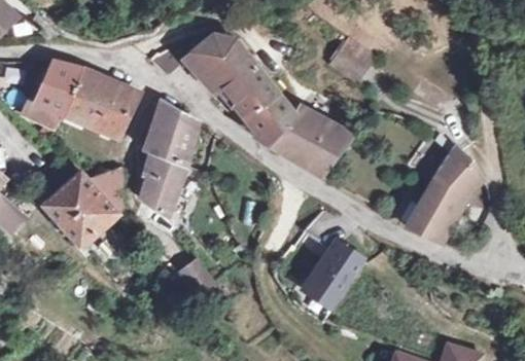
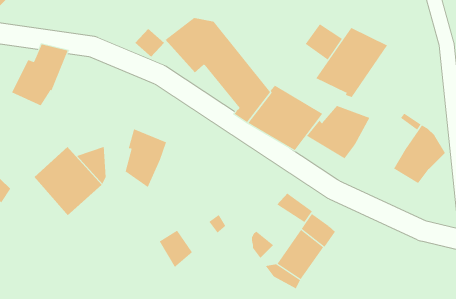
building: none -> [316,27,388,98]
building: [64,70,139,137] -> none
building: [144,105,197,167] -> none
building: none -> [306,105,370,159]
building: [407,194,452,241] -> none

